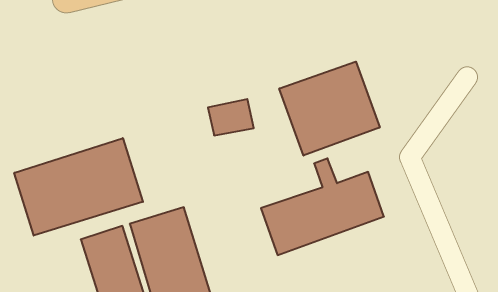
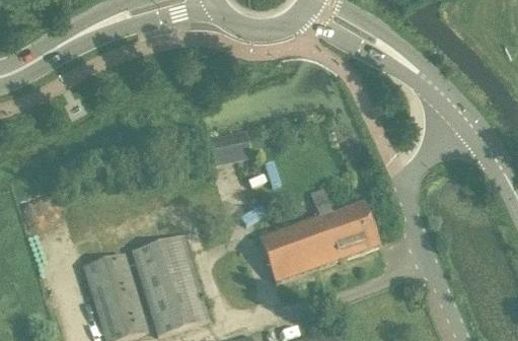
building: [279,62,380,156] -> none
building: [14,138,143,236] -> none

